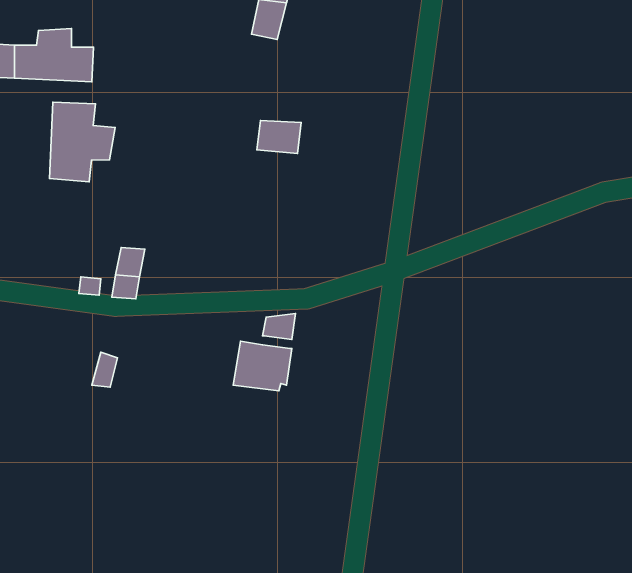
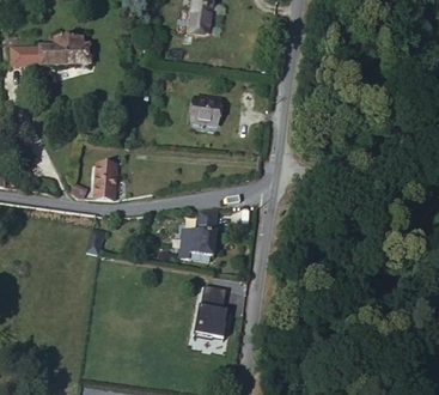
building: [49,102,115,182] -> none
building: none -> [196,292,230,345]

